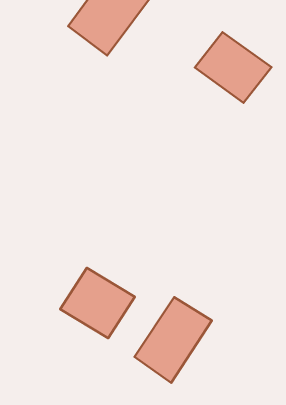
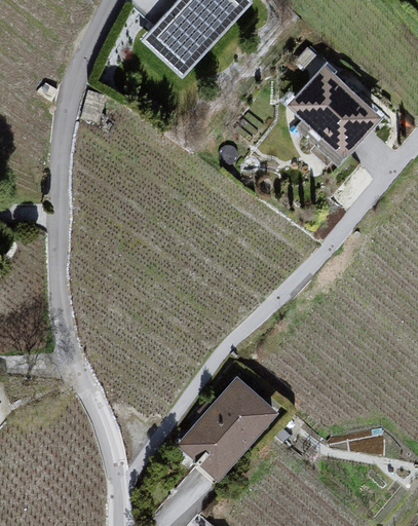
building: [60,268,135,338] -> none

